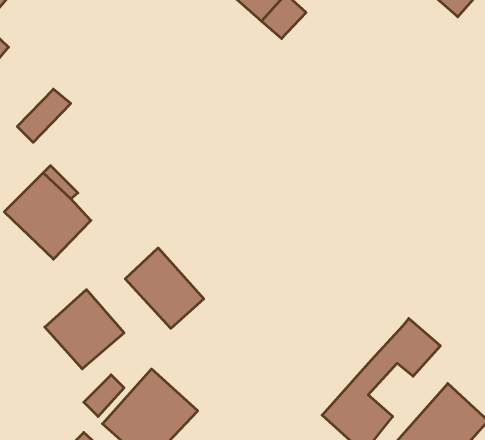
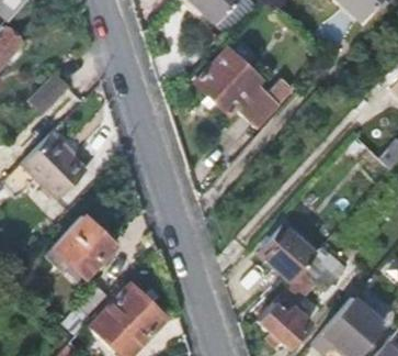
building: none -> [194,47,296,132]
building: [125,248,204,328] -> none
building: none -> [264,224,321,279]

